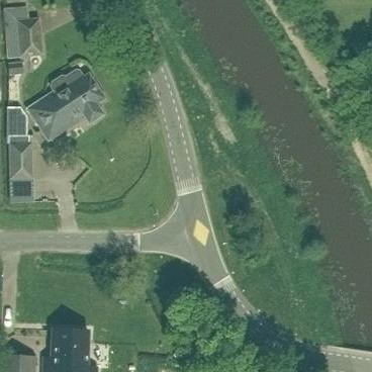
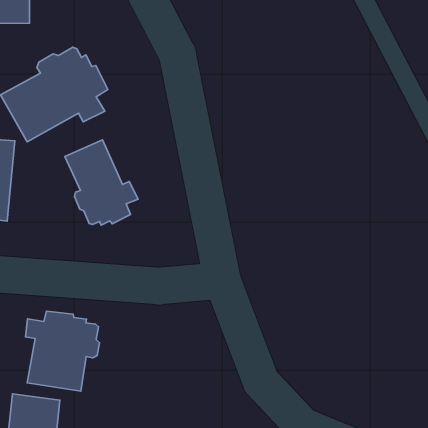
building: none -> [65,140,138,225]
building: none -> [25,311,100,391]

